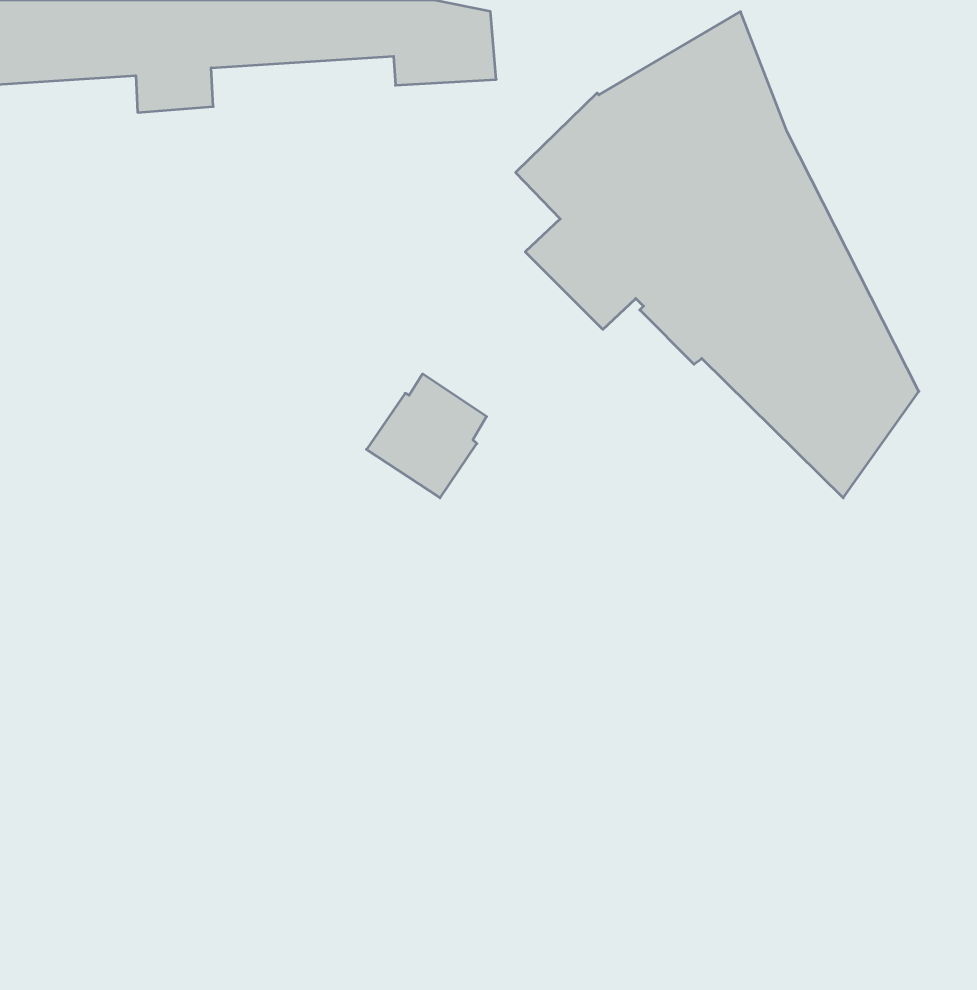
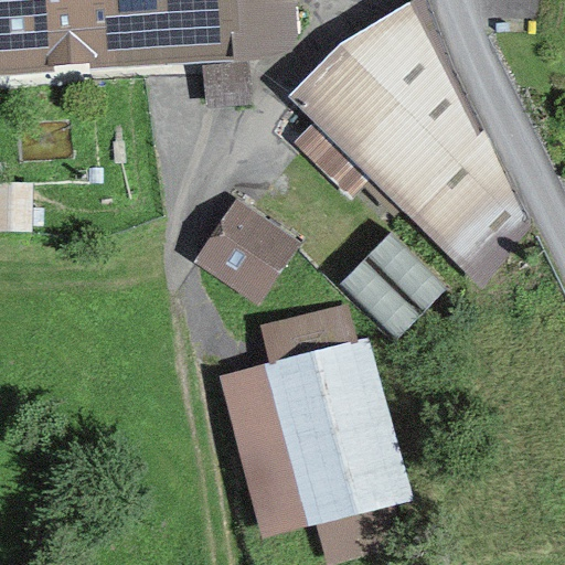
building: none -> [339,234,441,335]
building: none -> [225,309,388,551]

